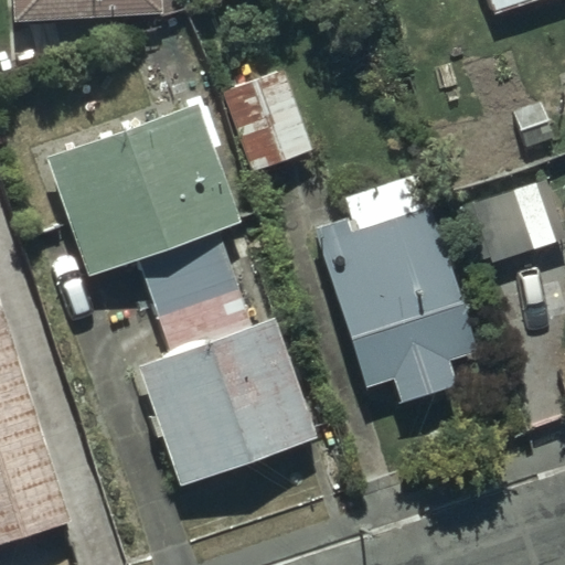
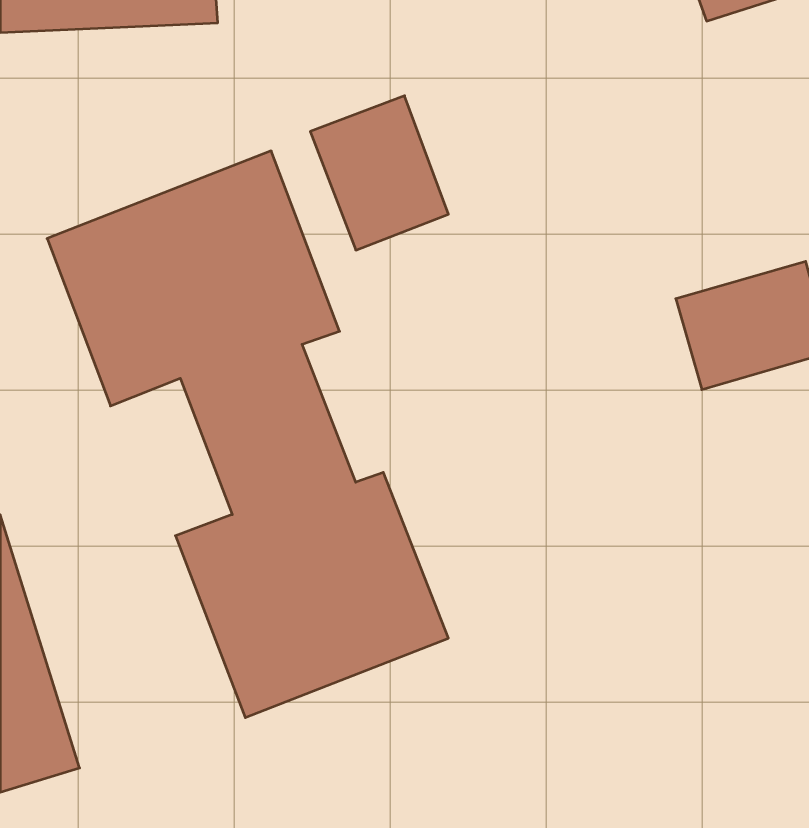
building: [312,173,477,405] -> none

